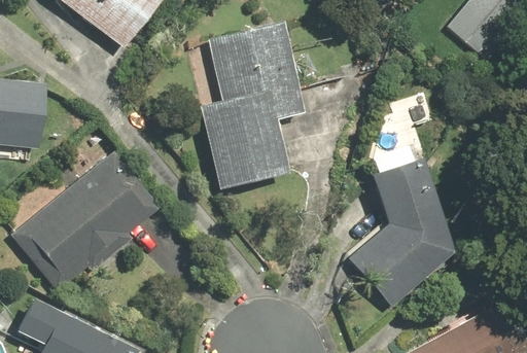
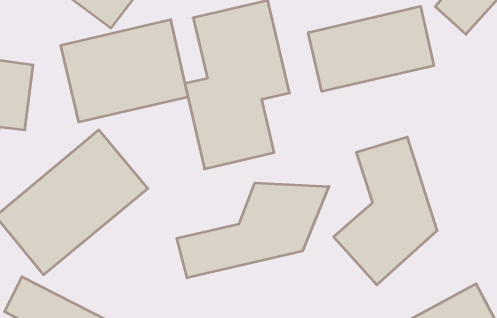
building: none -> [308,6,434,91]
building: none -> [61,20,188,122]
building: none -> [177,183,329,278]

